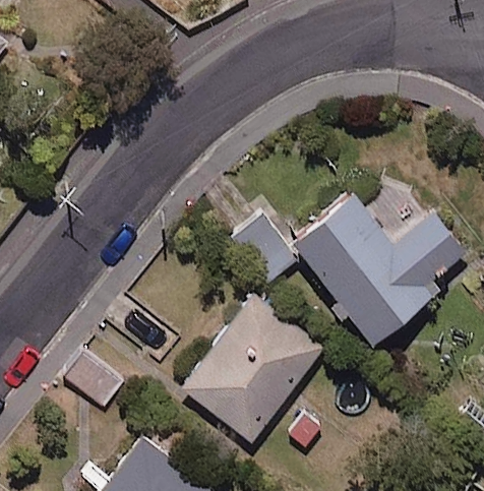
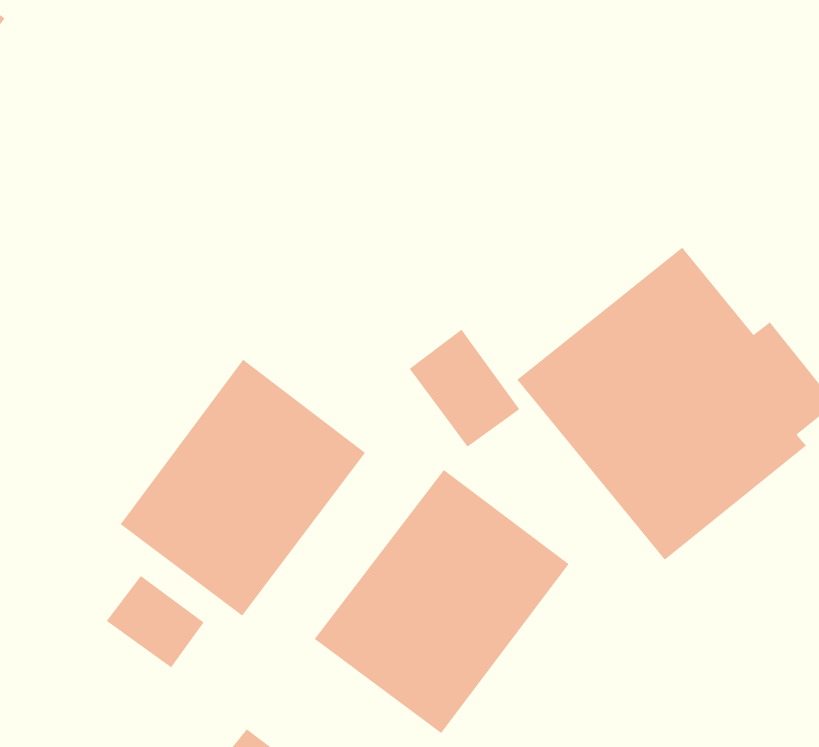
building: none -> [120,359,366,616]

